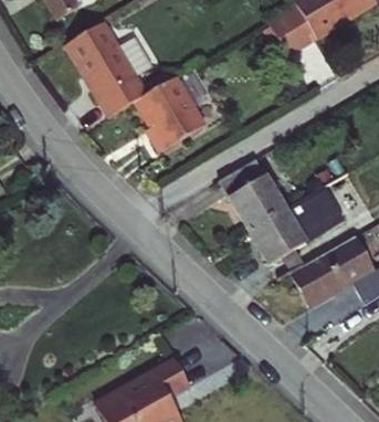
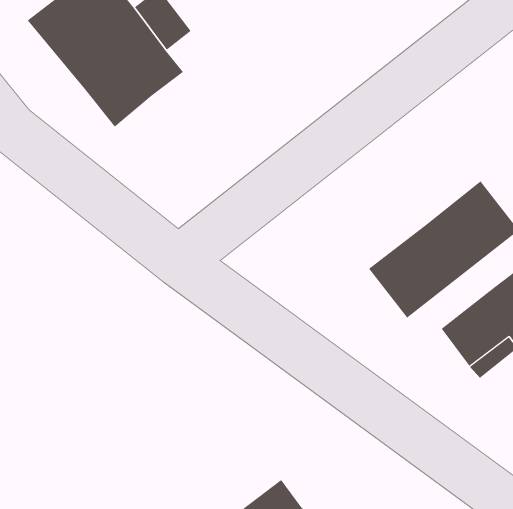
building: [129,84,200,160] -> none
building: [218,157,285,231] -> none

